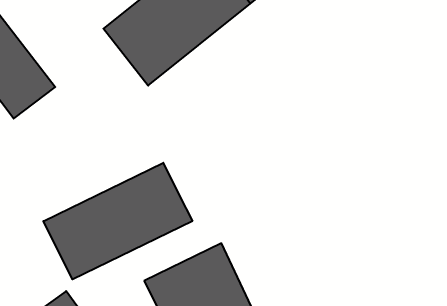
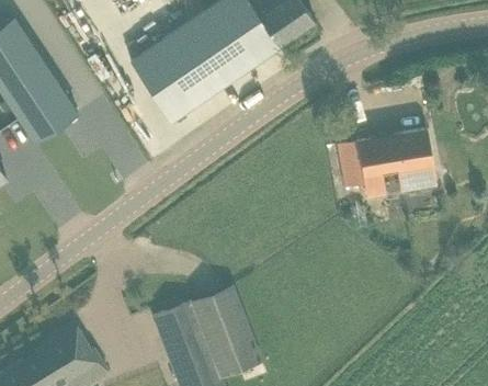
building: none -> [337,129,436,197]
building: [43,163,192,279] -> none

